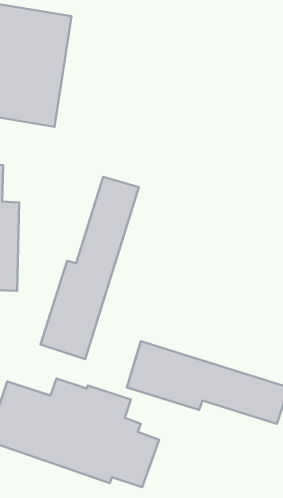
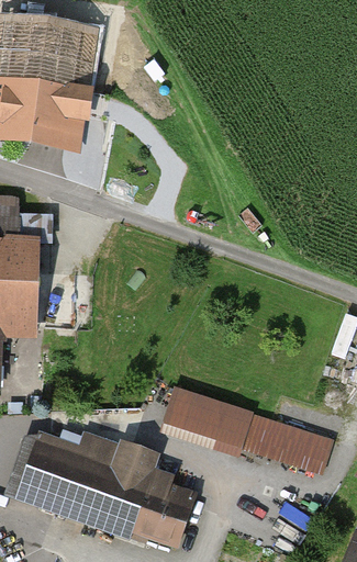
building: [40,177,139,359] -> none

